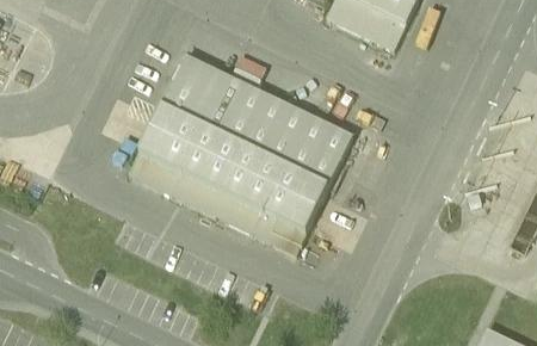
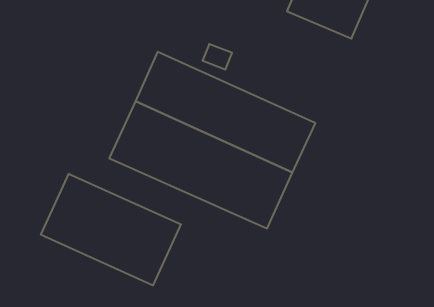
building: none -> [41,174,181,285]

